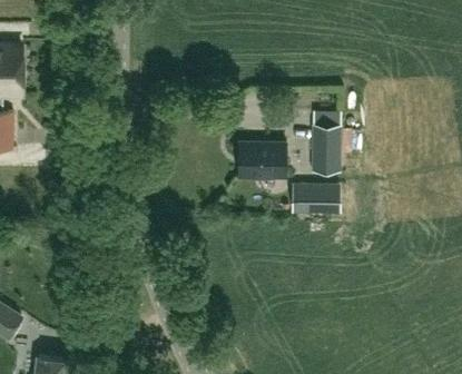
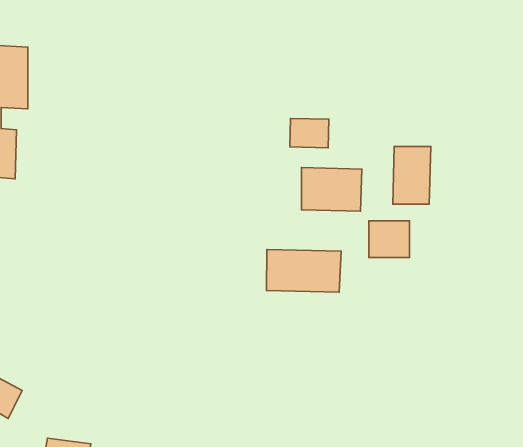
building: none -> [290,118,329,148]
building: none -> [266,249,341,292]

